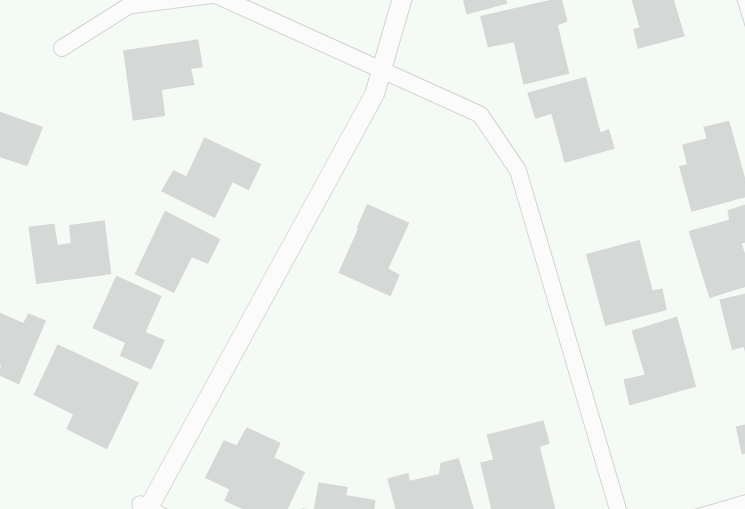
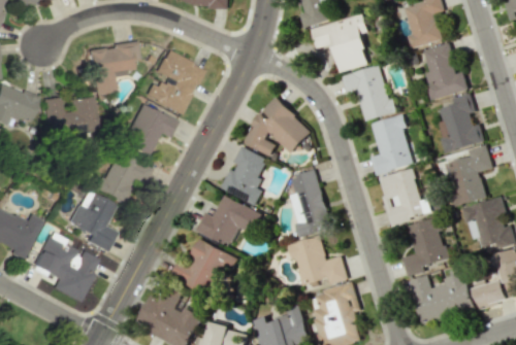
building: none -> [423,42,467,99]
building: none -> [140,51,199,113]
building: none -> [243,96,312,156]
building: none -> [370,113,413,174]
building: [27,220,112,285] -> [39,96,93,137]
building: none -> [289,170,329,235]
building: none -> [195,195,261,245]
building: none -> [287,236,347,284]
building: none -> [170,237,237,295]
building: none -> [409,269,474,322]

